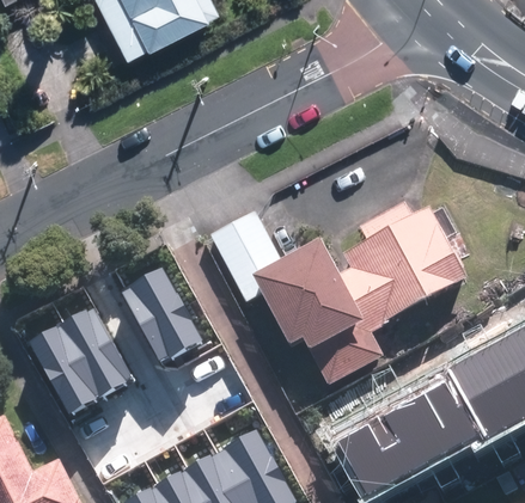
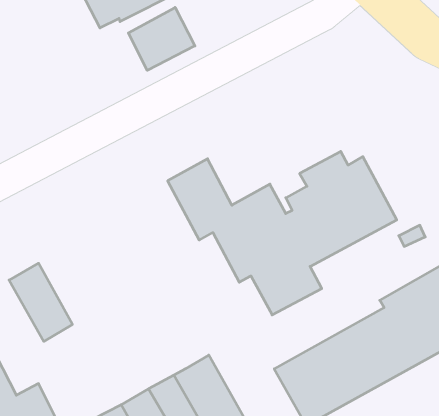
building: none -> [128,7,195,70]
building: [121,269,202,363] -> none
building: [62,308,132,394] -> none

